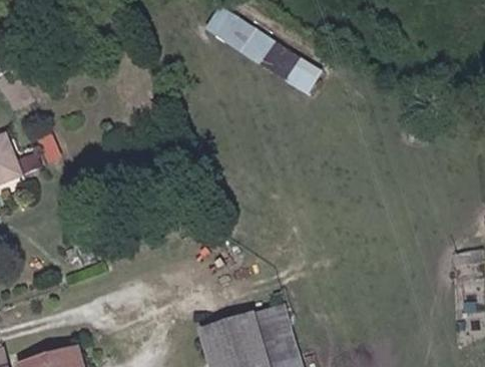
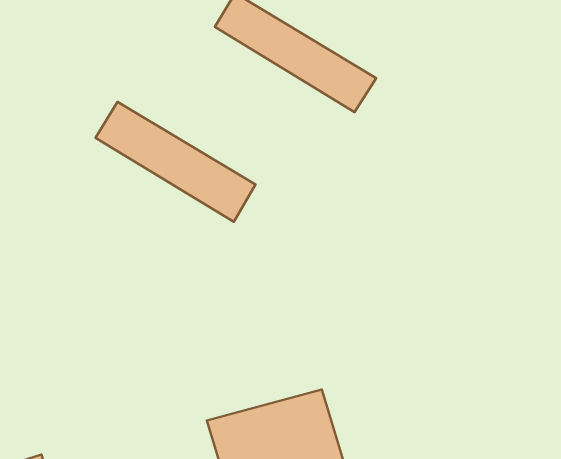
building: none -> [95,102,255,222]

